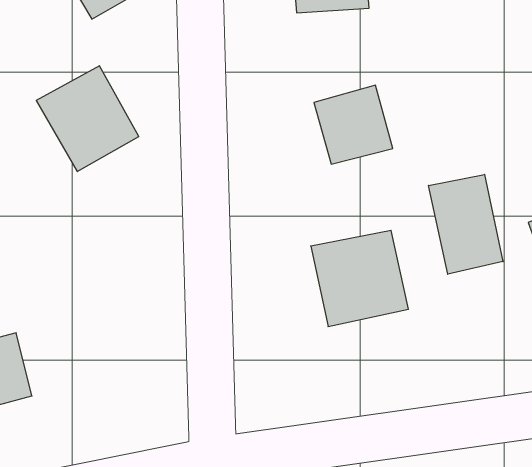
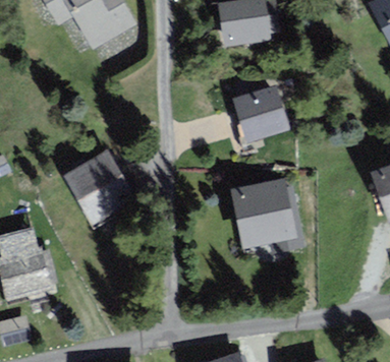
building: [36,66,139,171] -> [66,154,132,222]
building: [429,174,503,274] -> none

